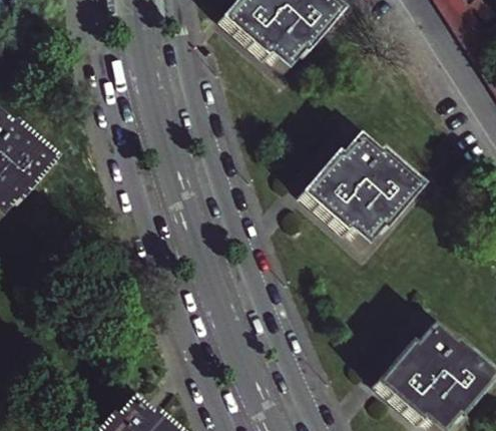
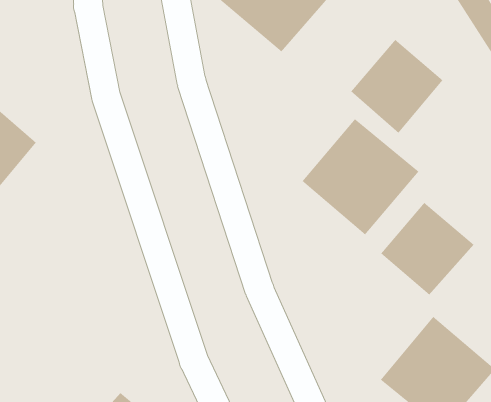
building: none -> [350,39,444,134]
building: none -> [380,202,474,296]

